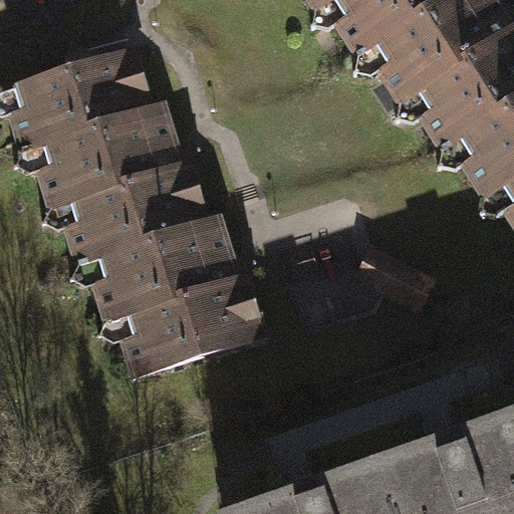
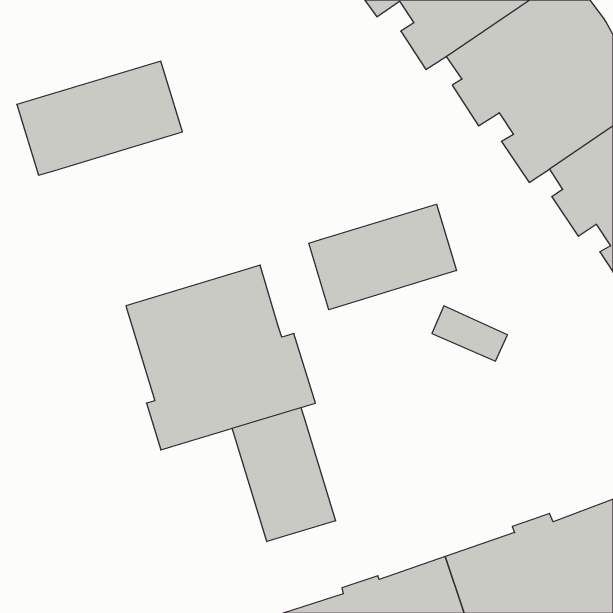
building: [39,106,208,263] -> none
building: none -> [309,204,456,310]
building: none -> [232,408,336,542]

